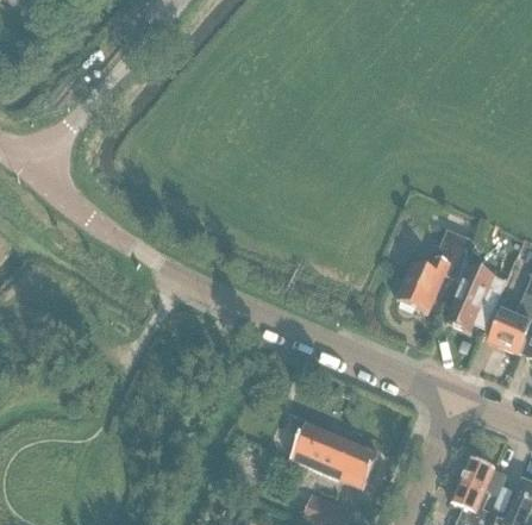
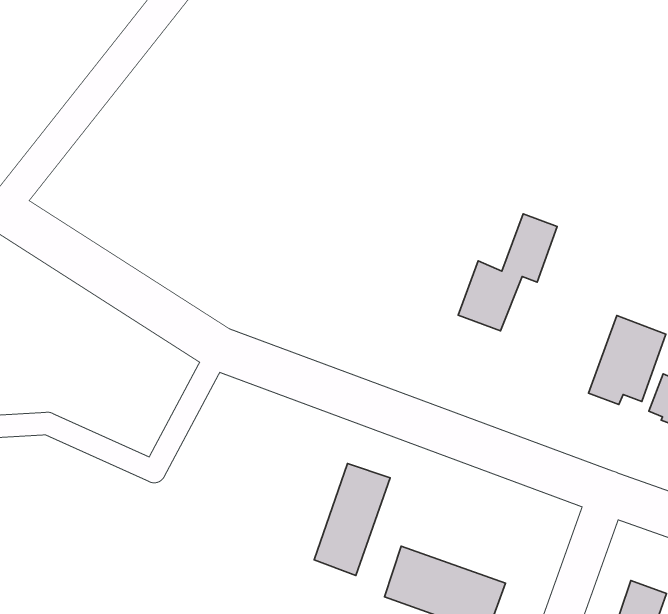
building: [396,229,471,312] -> [458,214,557,331]
building: none -> [314,463,390,575]

